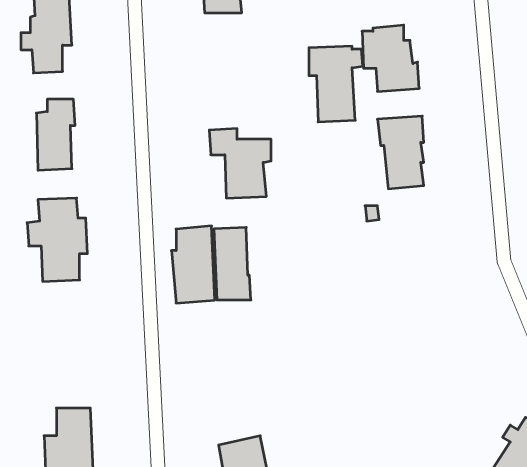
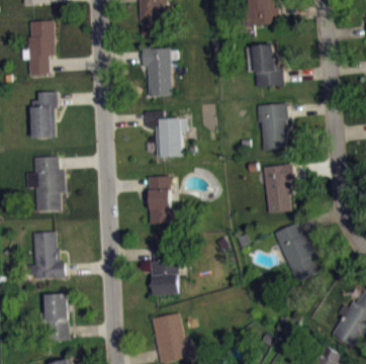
building: [309,46,363,122] -> [143,48,178,97]
building: none -> [262,164,292,213]
building: [171,226,215,303] -> [150,245,178,295]
building: none -> [273,223,321,281]
building: none -> [29,233,66,279]

